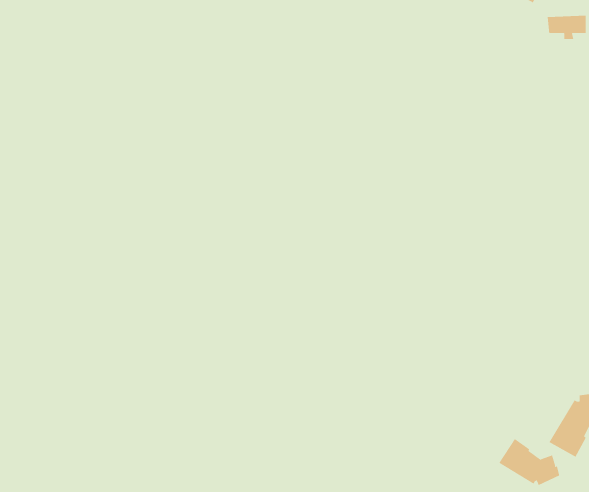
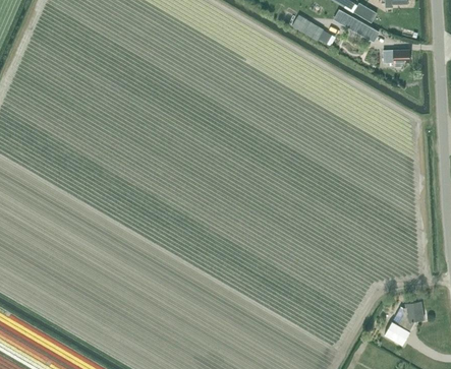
building: [498,438,560,486] -> none

